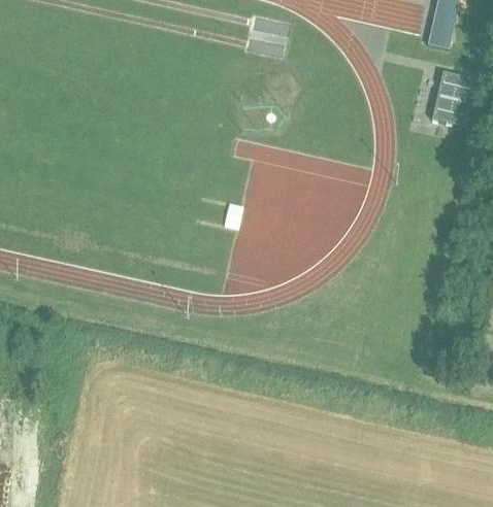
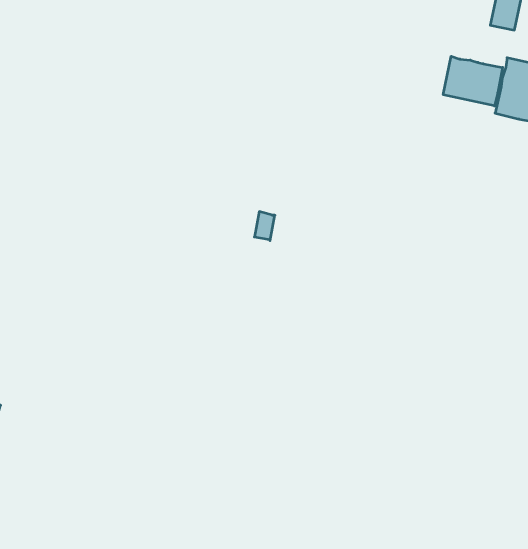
building: none -> [443,56,503,106]

